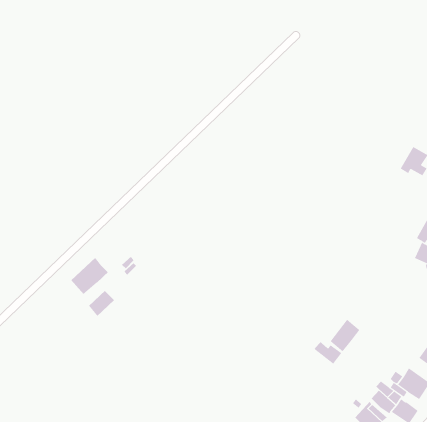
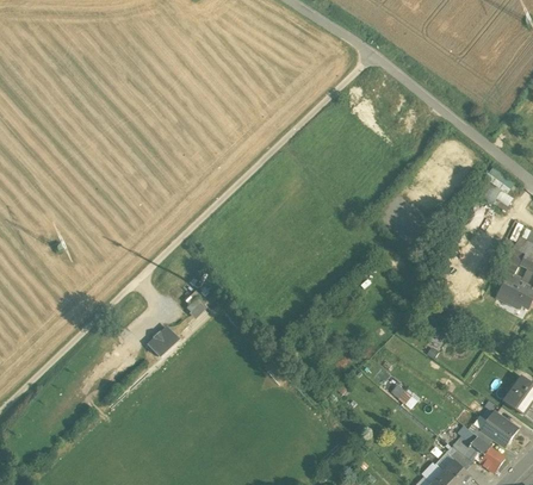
building: [71,257,109,295] -> none
building: [330,319,361,352] -> none

